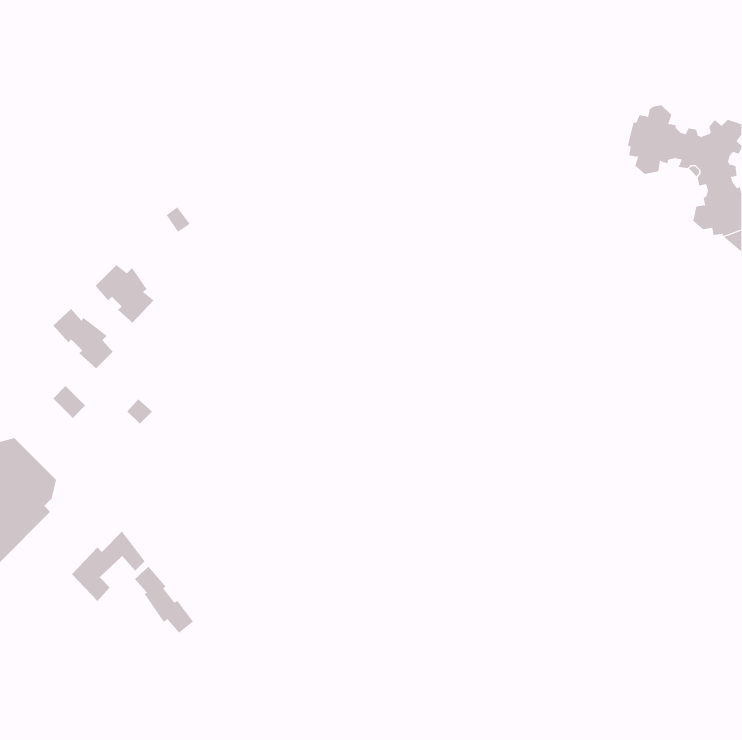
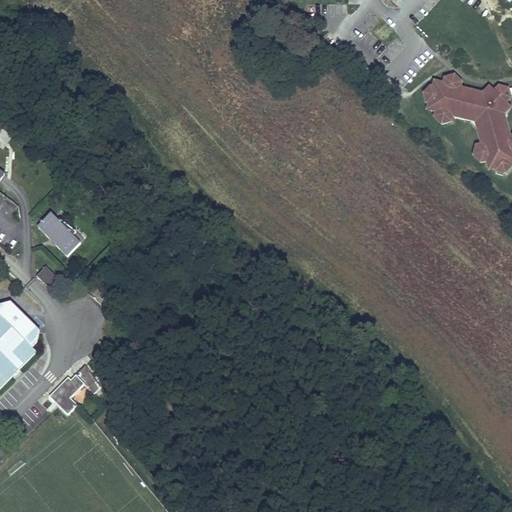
building: [95,264,154,324] -> none
building: [134,566,194,633] -> none

